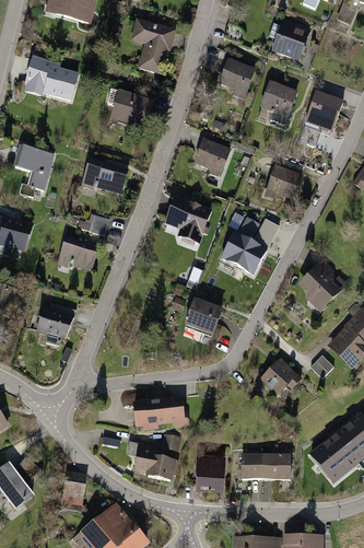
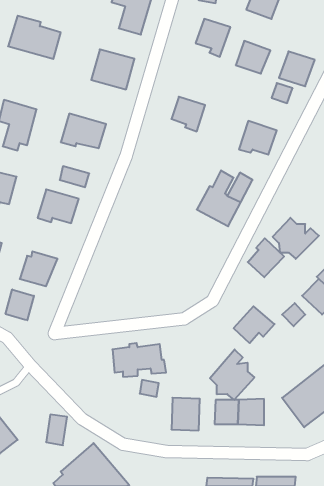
building: [165,197,210,242] -> none
building: none -> [248,238,284,277]
building: [185,300,221,335] -> none
building: none -> [6,289,34,320]
building: none -> [210,349,254,400]
building: [132,443,174,485] -> none

